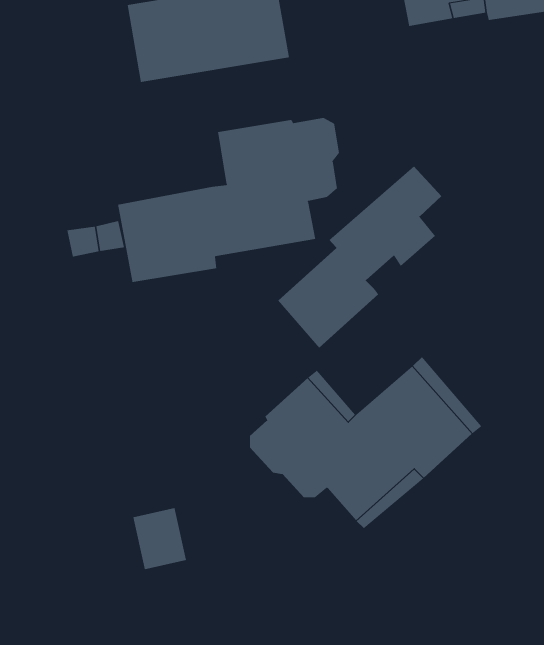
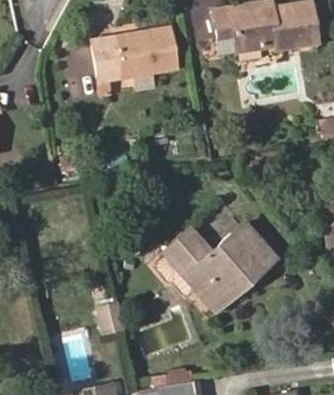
building: [117,117,339,283] -> none
building: [277,165,442,349] -> none

